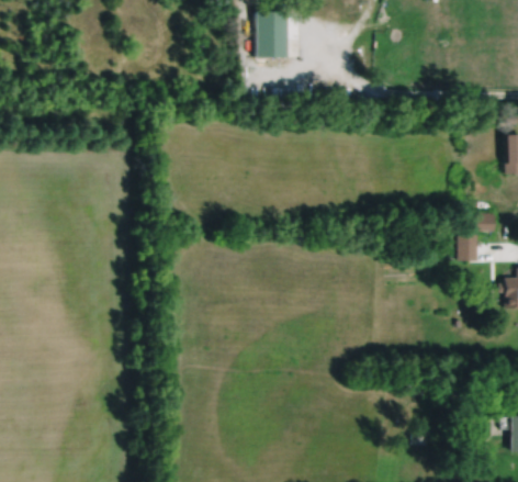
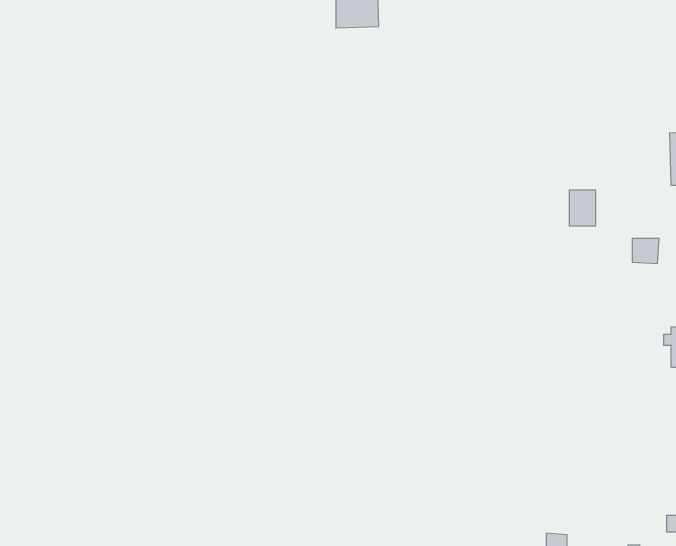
building: [458,235,477,261] -> [569,190,596,226]

